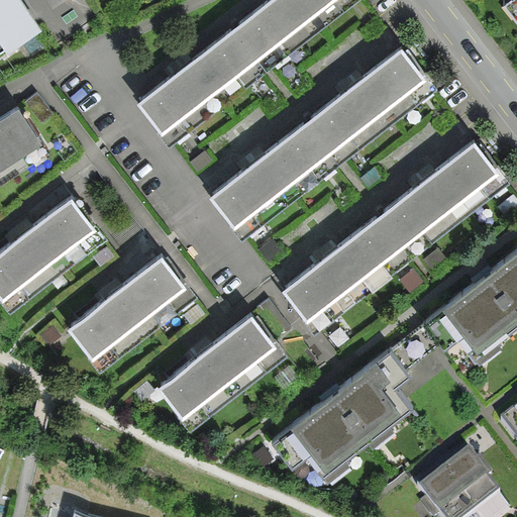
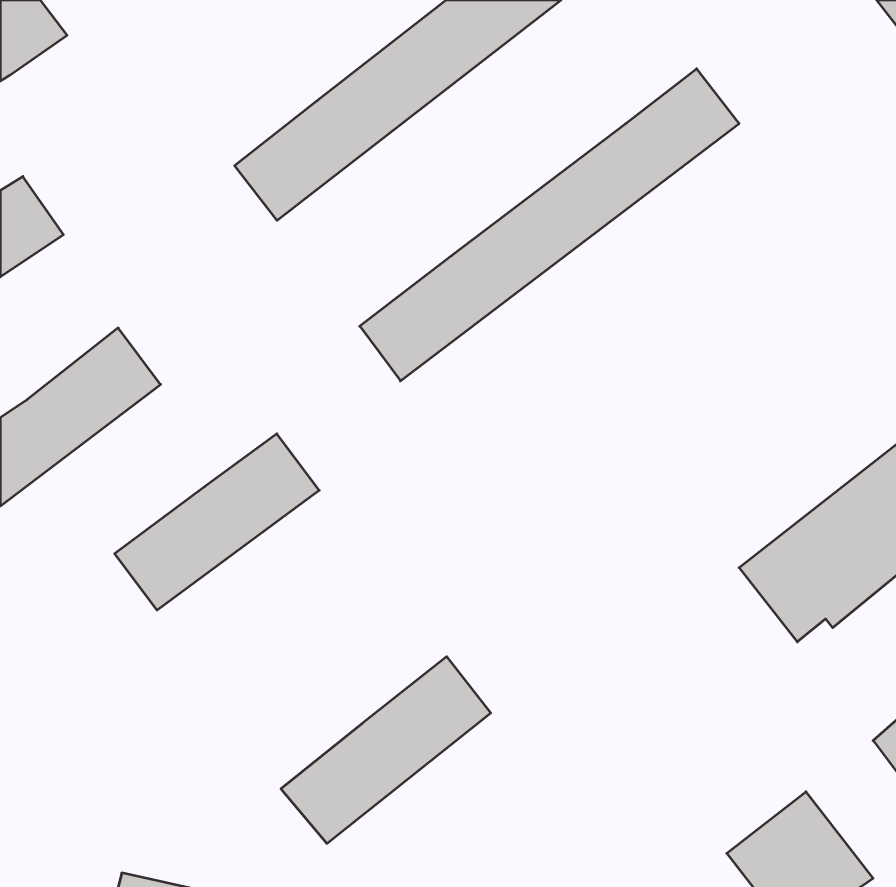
building: [282,140,500,321] -> none
building: [158,313,278,420] -> [281,657,491,843]
building: [269,356,413,481] -> none

